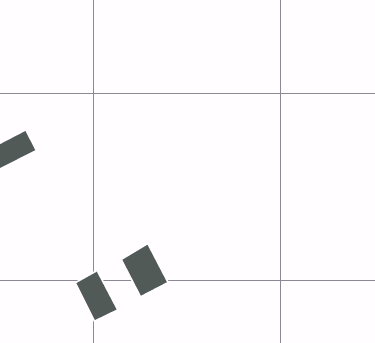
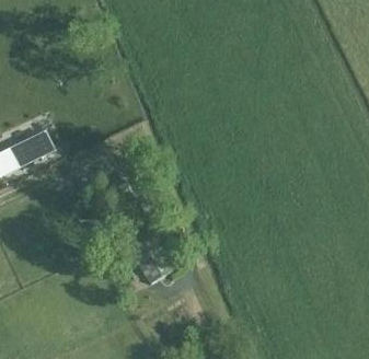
building: [75,271,118,321] -> none

